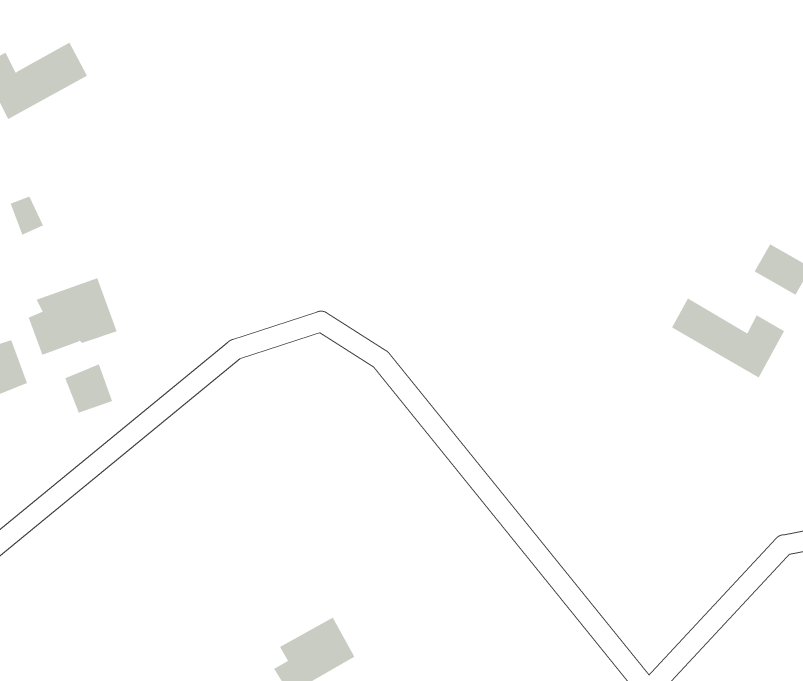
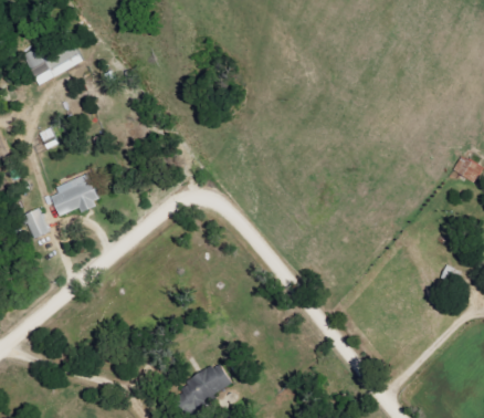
building: [671,298,785,379] -> none
building: [64,364,113,413] -> none

